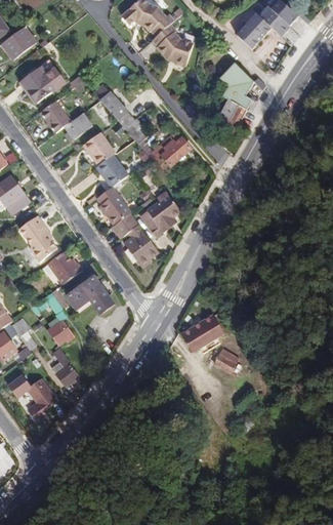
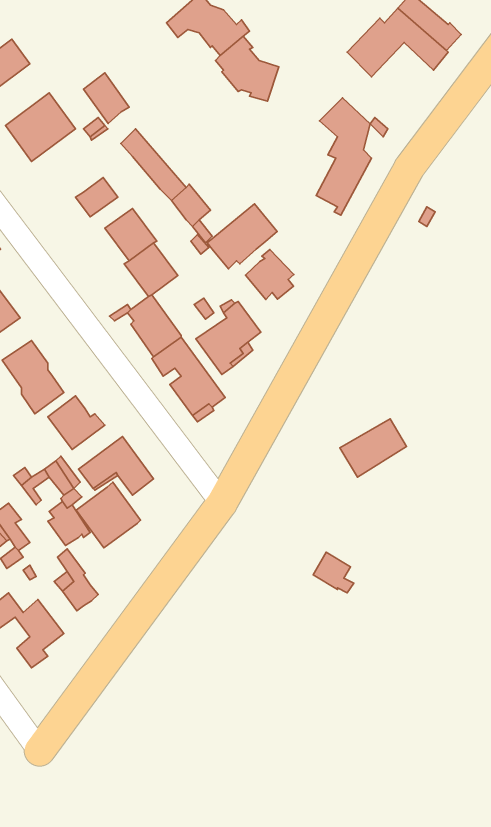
building: [41,100,70,132] -> [84,73,129,123]
building: none -> [246,250,294,299]
building: none -> [76,482,141,548]
building: [181,315,223,352] -> [340,419,406,477]

